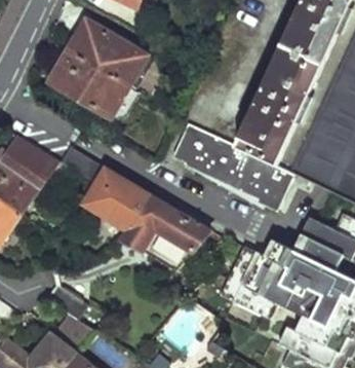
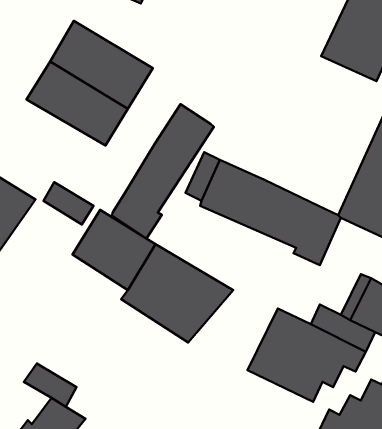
building: [234,47,321,164] -> none
building: none -> [112,104,214,239]

